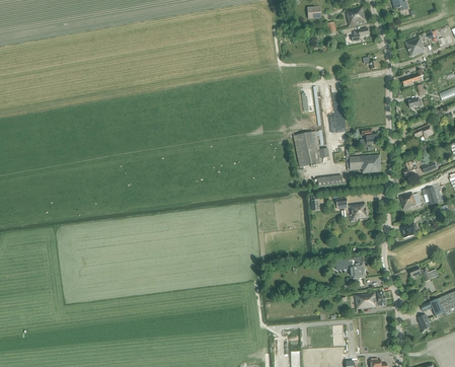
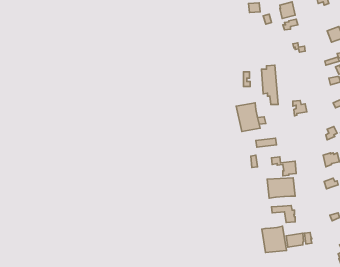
building: [350,154,381,173] -> none
building: none -> [267,178,295,198]
building: none -> [262,226,286,253]

